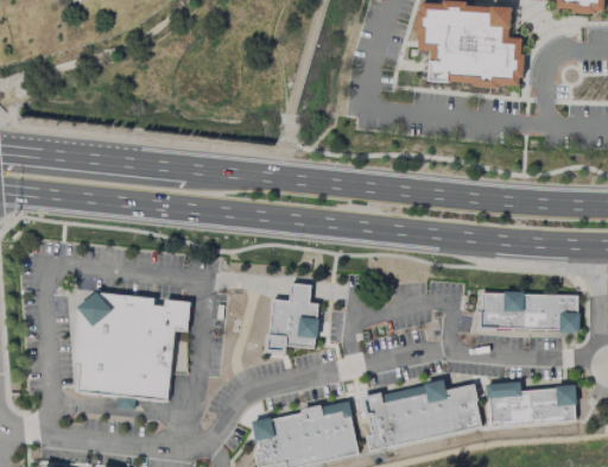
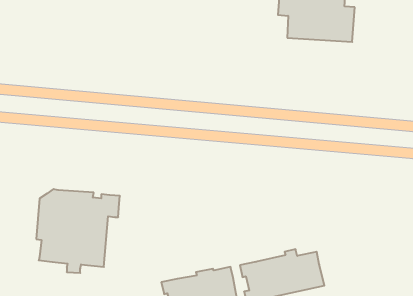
building: [267,284,321,355] -> none
building: [474,289,578,330] -> none
building: [481,378,576,427] -> none

